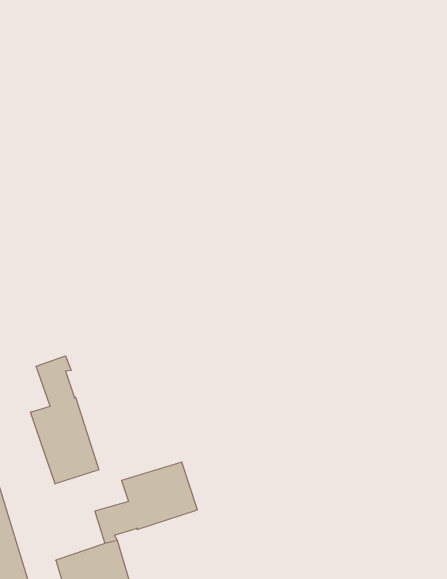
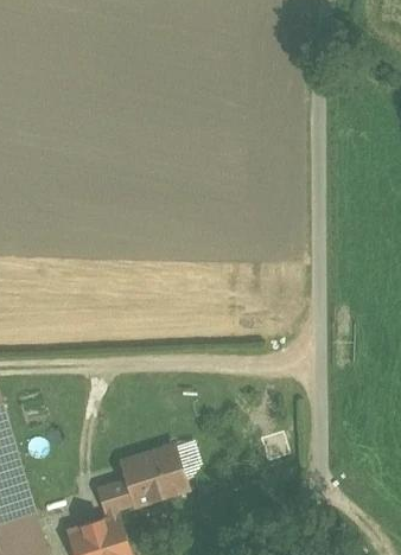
building: [31,356,99,484] -> none

